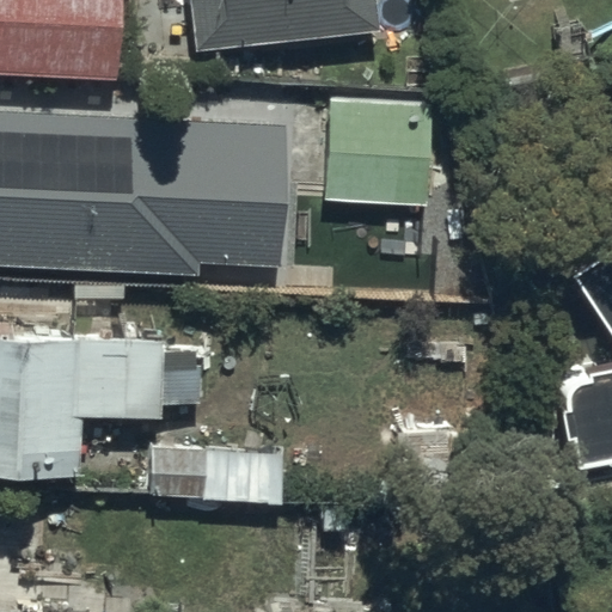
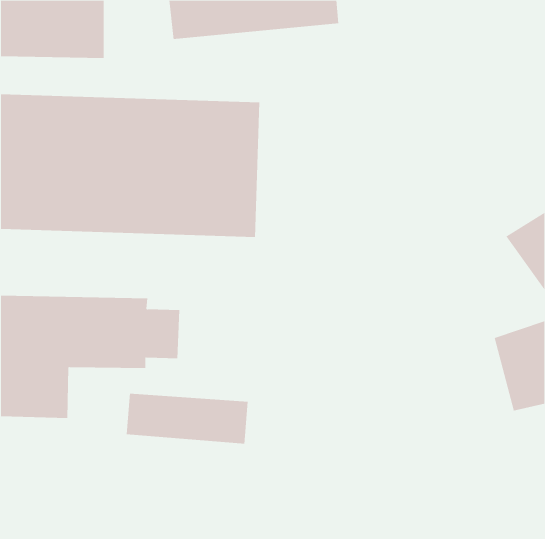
building: [324,97,460,204] -> none

